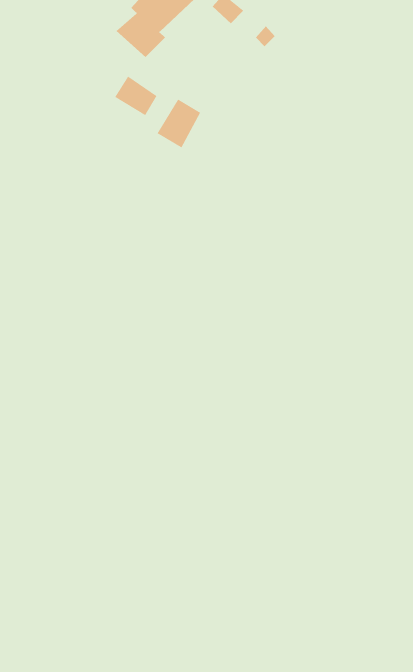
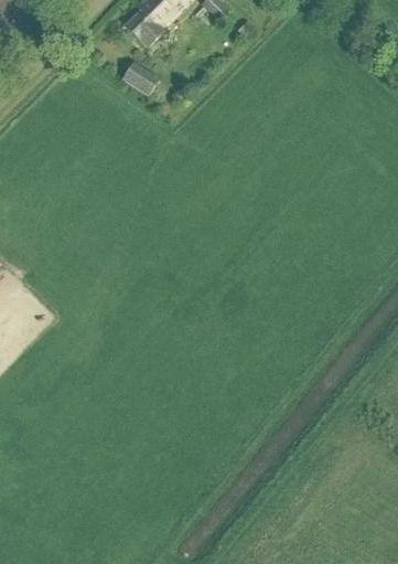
building: [156,98,201,148] -> none

